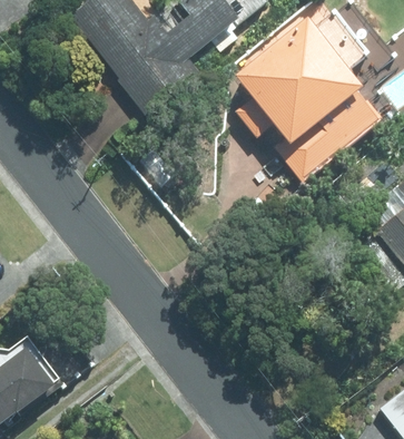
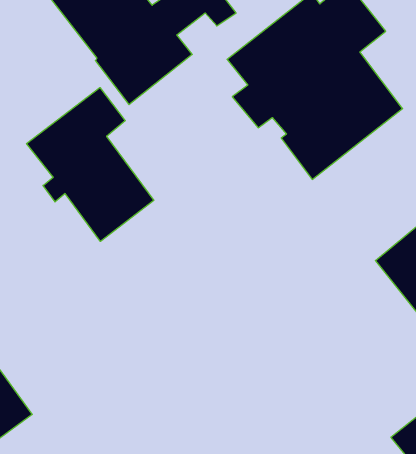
building: none -> [27,88,154,241]

